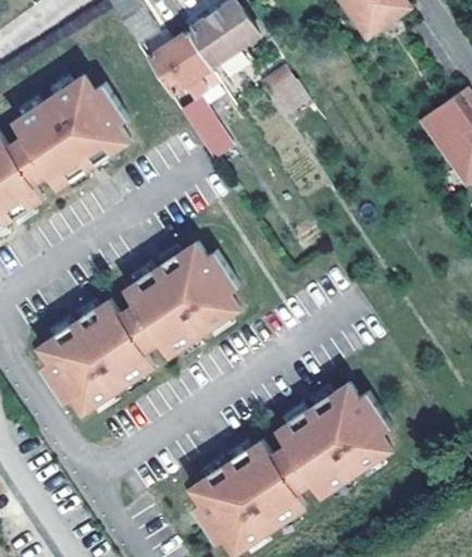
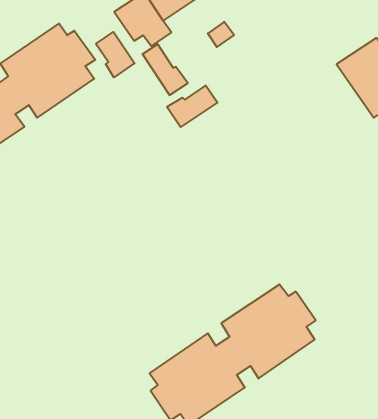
building: none -> [96,32,135,77]
building: none -> [167,85,217,127]
building: [37,243,236,413] -> none

